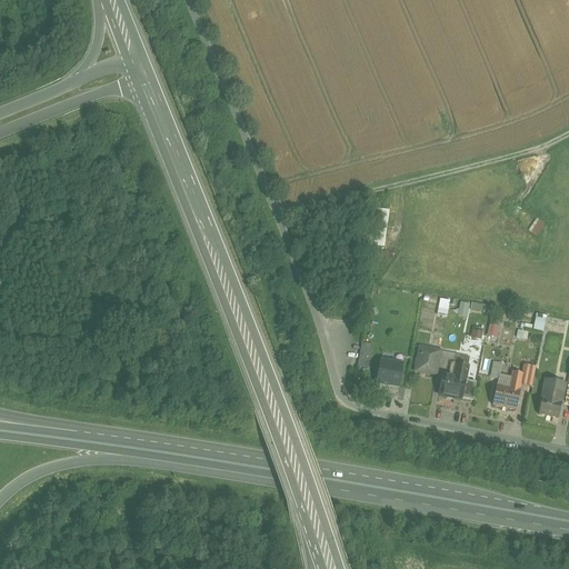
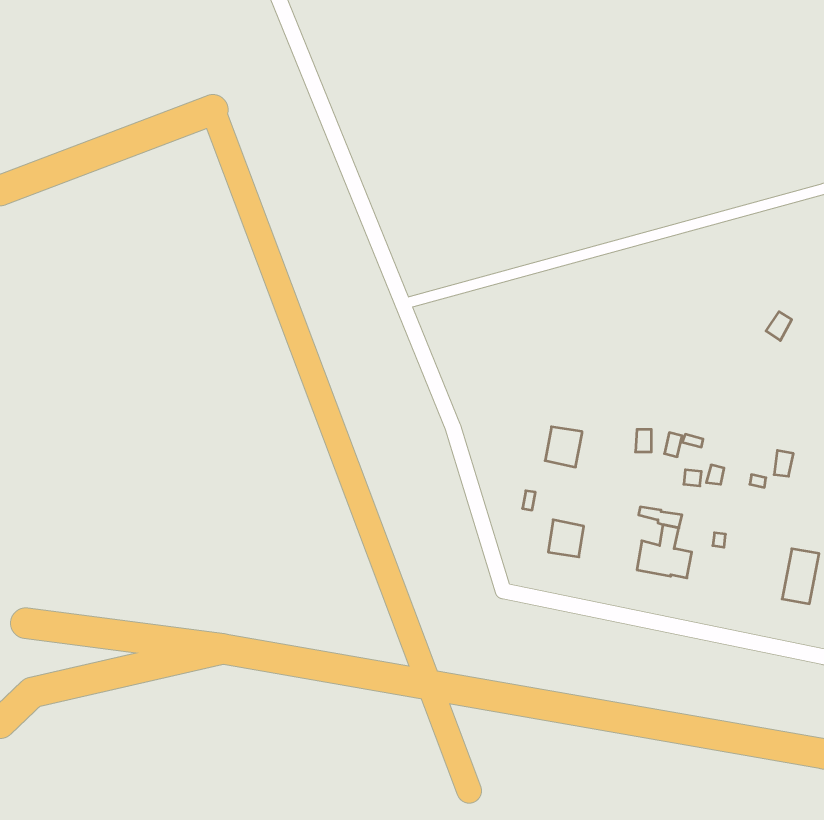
building: [416,345,441,372] -> [545,427,582,467]
building: [492,370,523,408] -> none

